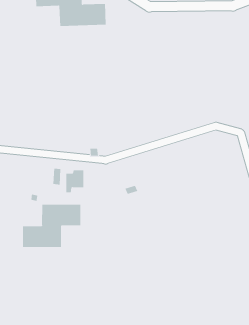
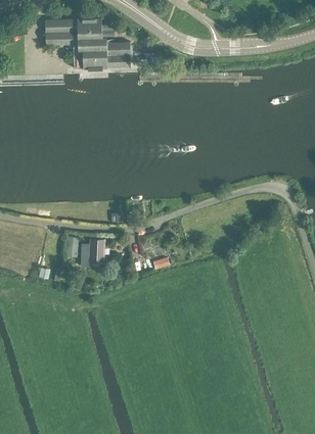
building: [22,204,81,248] -> none

